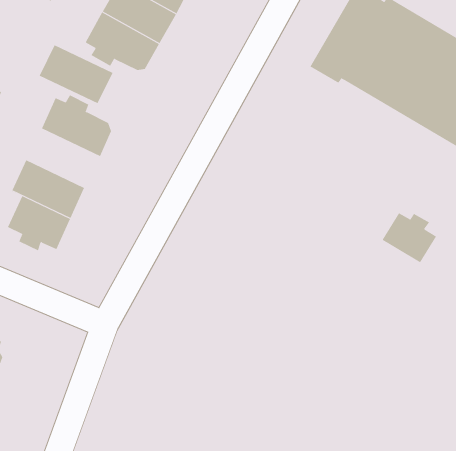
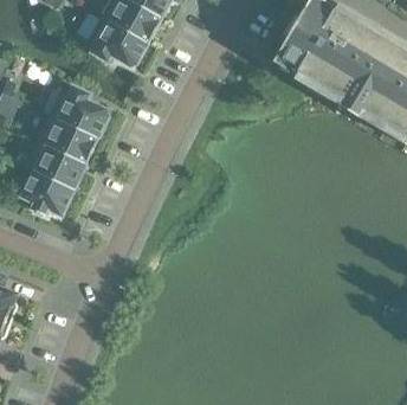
building: [39,45,113,104] -> [35,115,98,165]
building: [374,213,437,263] -> none

